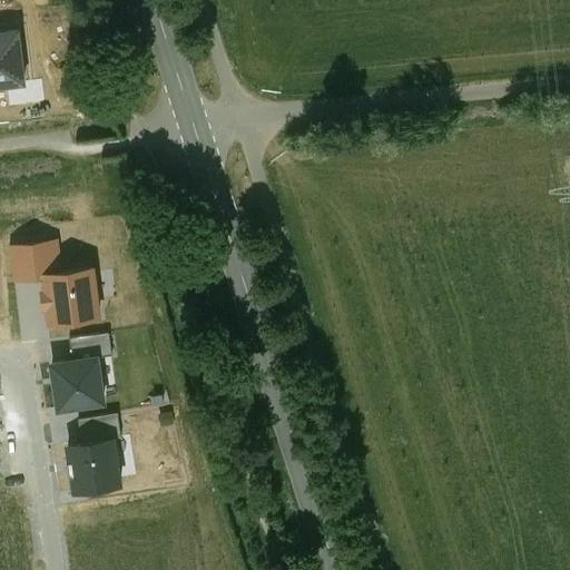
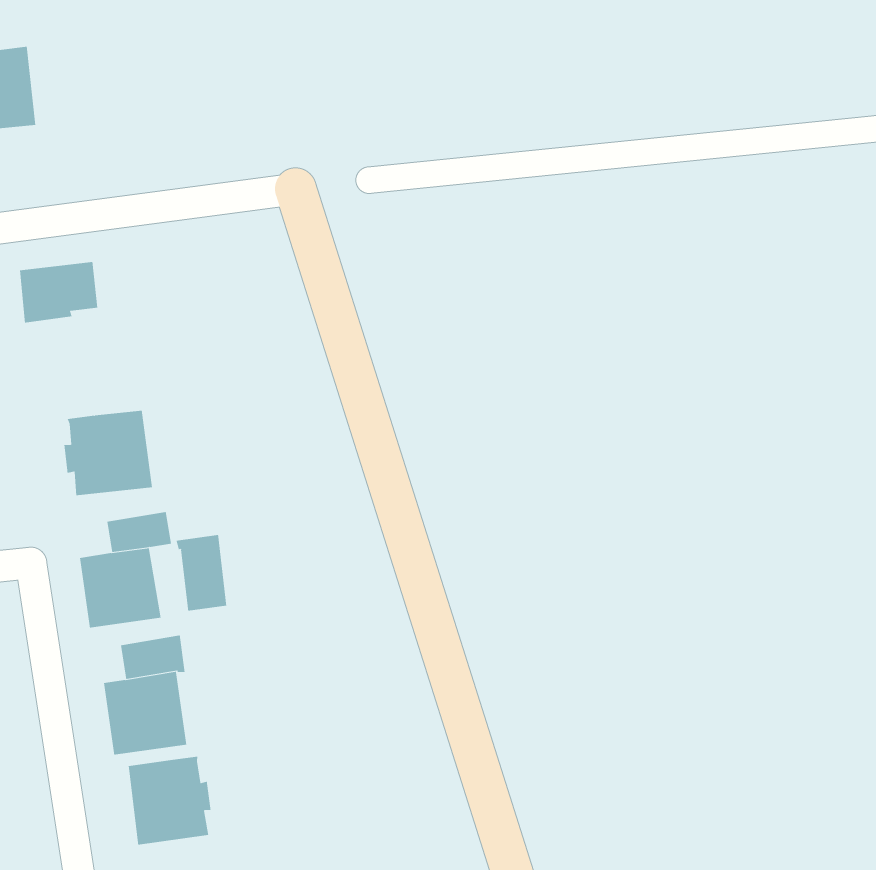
building: [10,244,61,284] -> [19,261,98,323]
building: none -> [176,534,227,611]
building: none -> [128,756,211,845]

